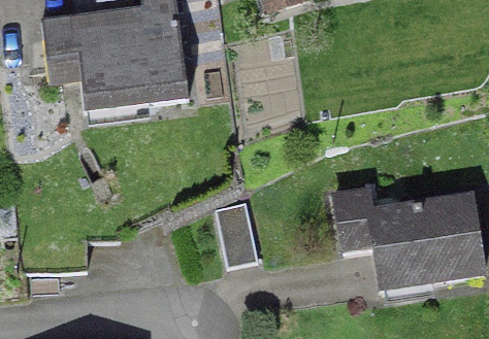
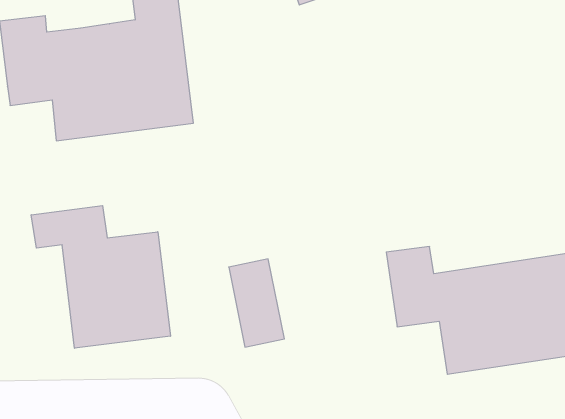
building: none -> [31,206,170,348]

